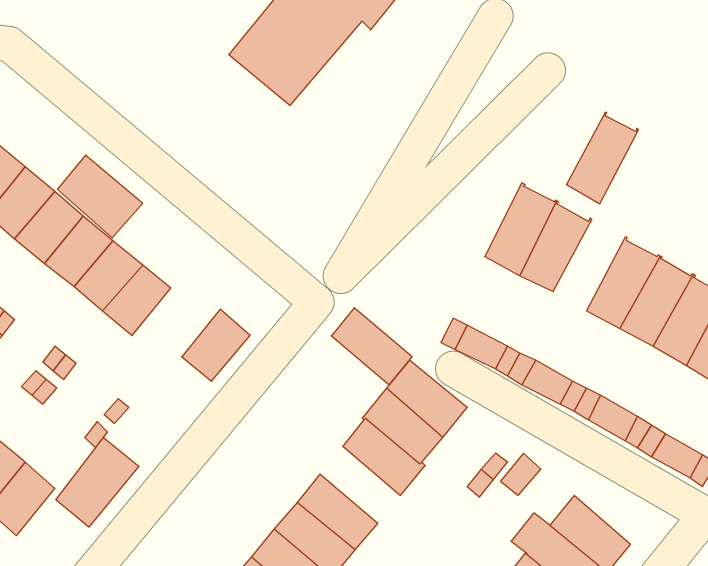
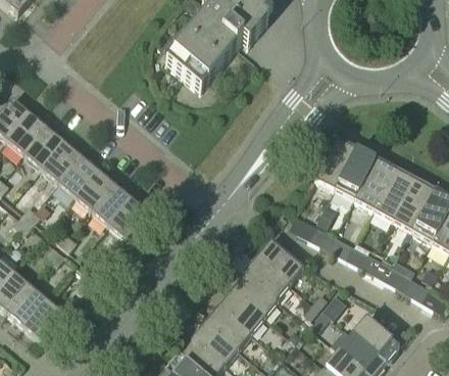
building: [566,112,638,204] -> [353,157,395,210]
building: [58,155,143,238] -> none
building: [331,308,412,385] -> [217,289,264,334]
building: [182,309,250,381] -> [108,197,148,239]
building: [56,437,139,527] -> none

